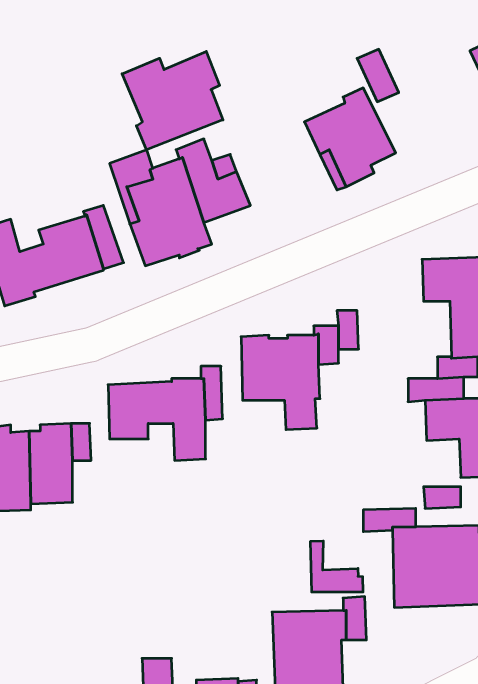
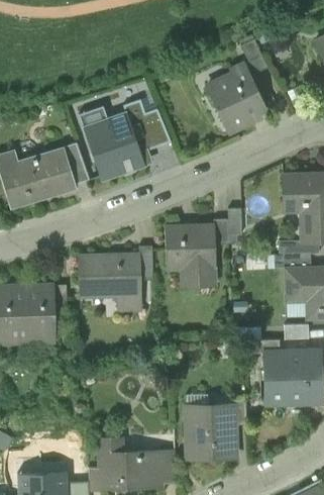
building: [122,51,223,150] -> none
building: [311,541,363,592] -> none

